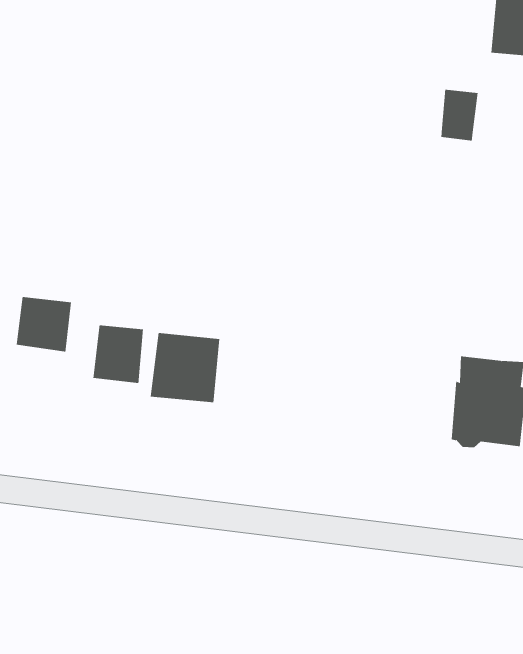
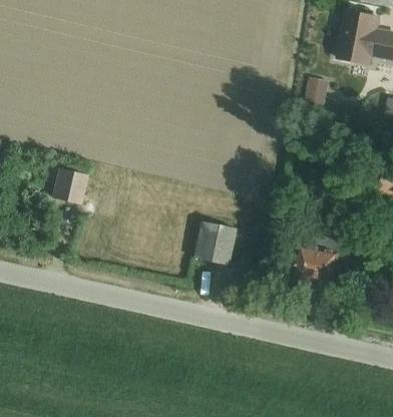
building: [93,324,143,384] -> none
building: [150,333,220,403] -> [192,222,236,265]

